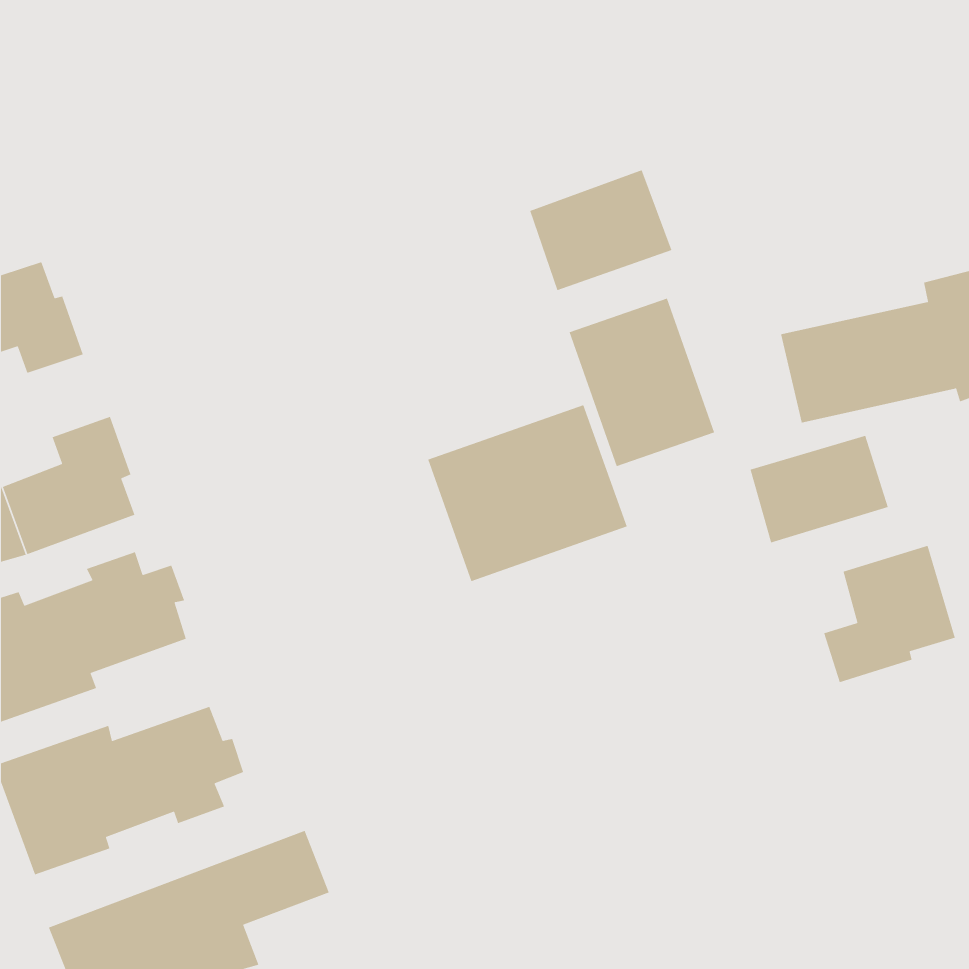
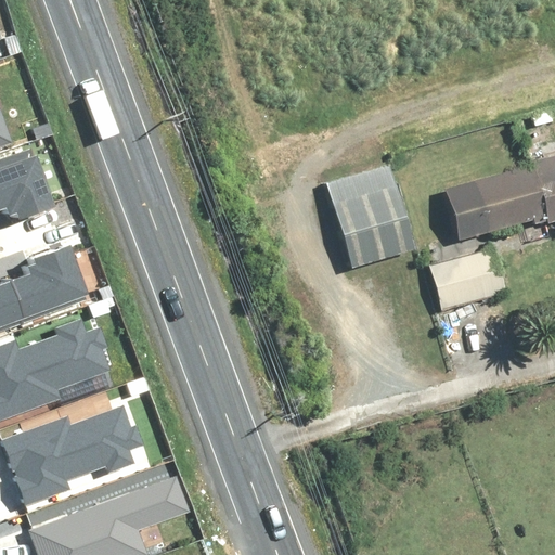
building: [529,169,673,291] -> none
building: [427,404,628,582] -> none
building: [823,545,956,683] -> none

